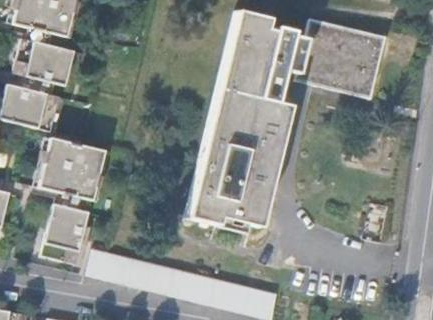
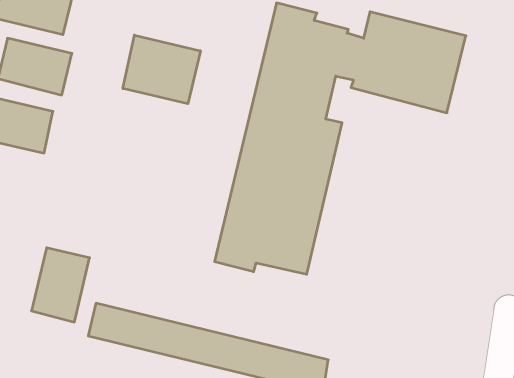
building: none -> [123,35,200,104]
building: [38,139,103,200] -> none

